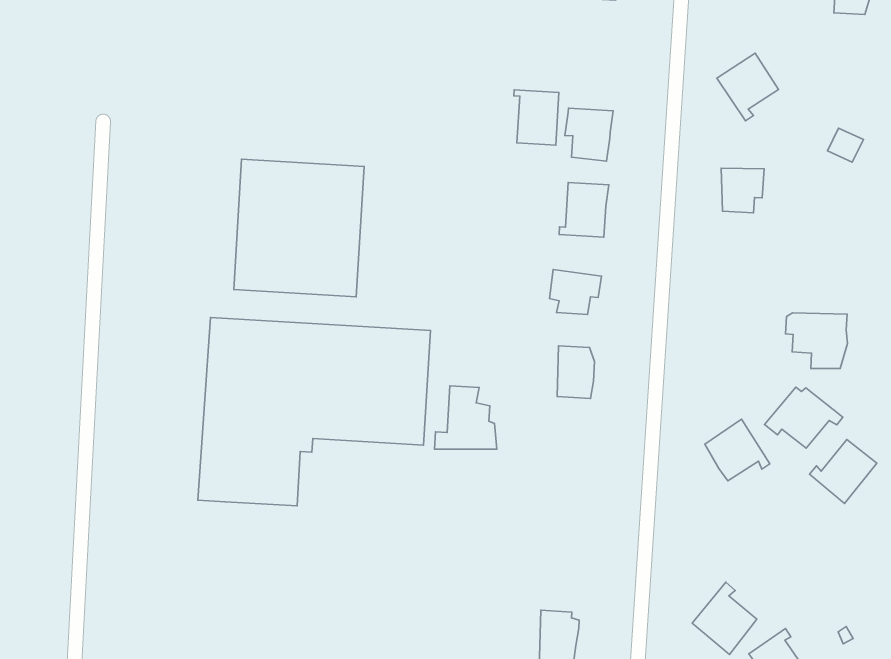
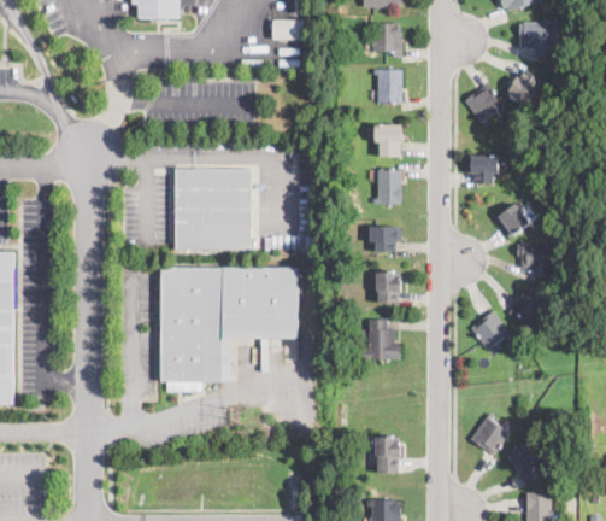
building: none -> [506,71,542,106]
building: [514,90,559,145] -> [373,70,401,103]
building: none -> [494,203,529,238]
building: [434,386,497,449] -> [361,321,400,361]
building: [810,440,877,503] -> none

